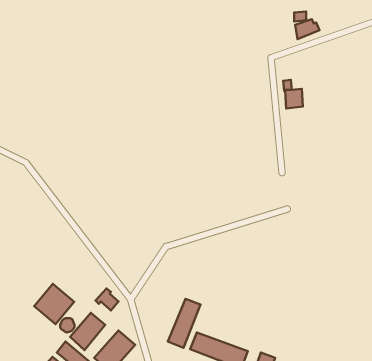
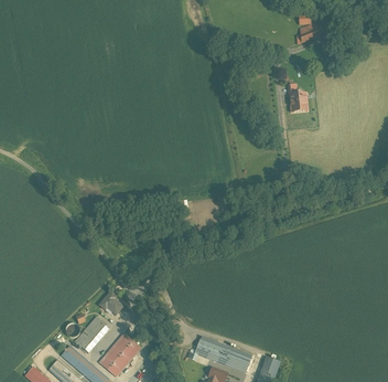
building: [34,284,74,324] -> none
building: [168,299,200,348] -> none

